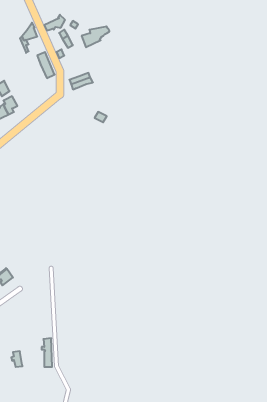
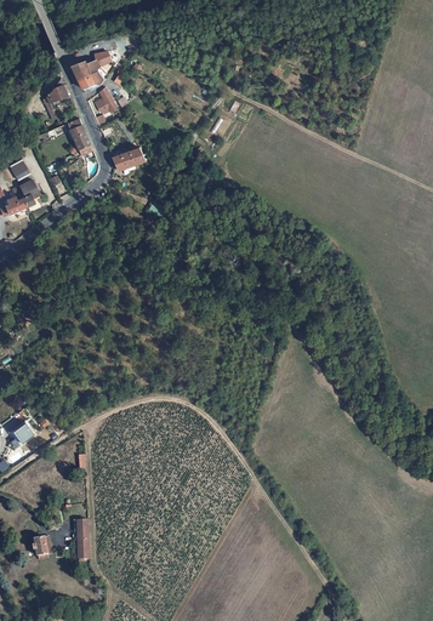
building: [82,26,109,47] -> [72,52,110,81]

